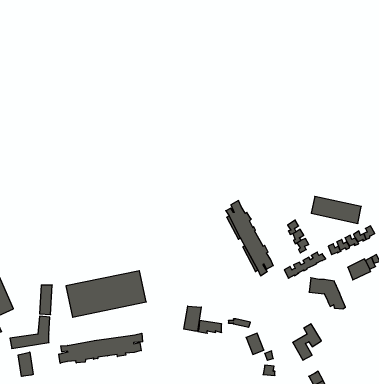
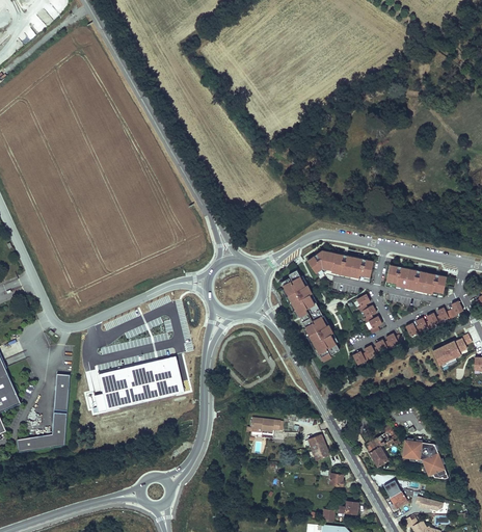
building: none -> [307,249,374,282]
building: [309,278,345,309] -> [402,438,447,477]
building: [184,306,201,331] -> none
building: [59,333,143,363] -> none
building: [18,352,33,376] -> none

